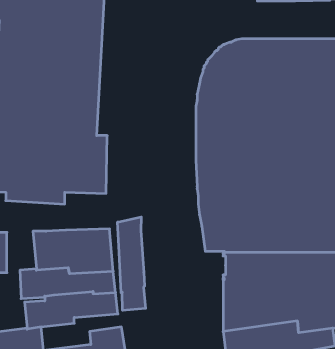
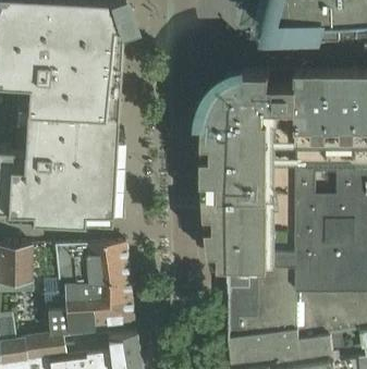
building: [118,217,146,310] -> none

